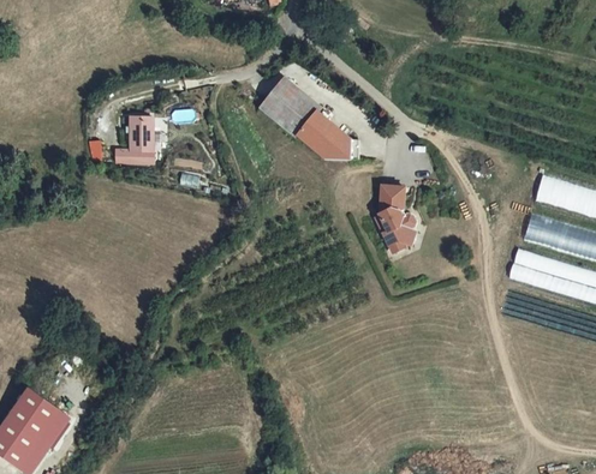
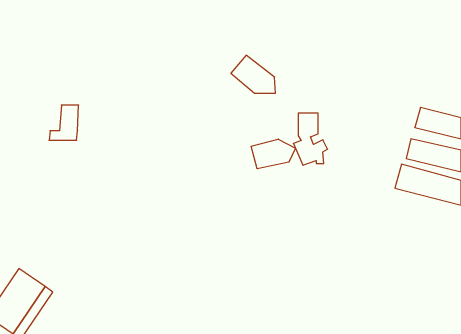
building: [261,79,322,137] -> none
building: [115,116,153,161] -> [49,105,79,140]
building: none -> [251,139,296,169]

